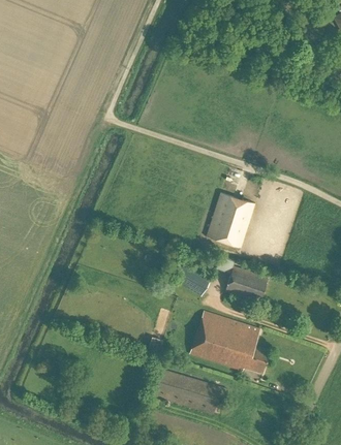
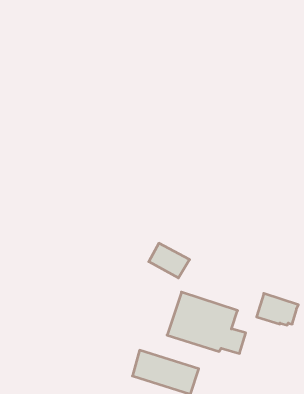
building: [206,193,255,249] -> none
building: [225,267,268,299] -> [257,293,298,325]

